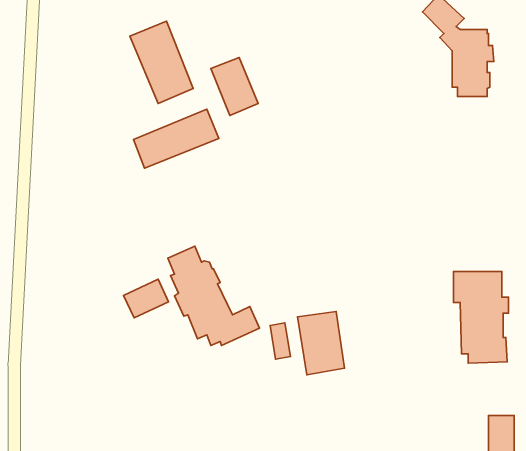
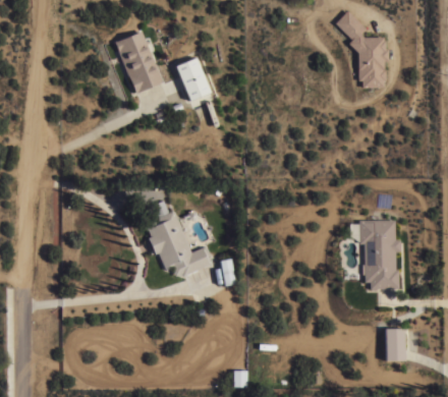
building: [133,109,219,168] -> none
building: [124,279,169,318] -> none
building: [297,312,345,375] -> none

